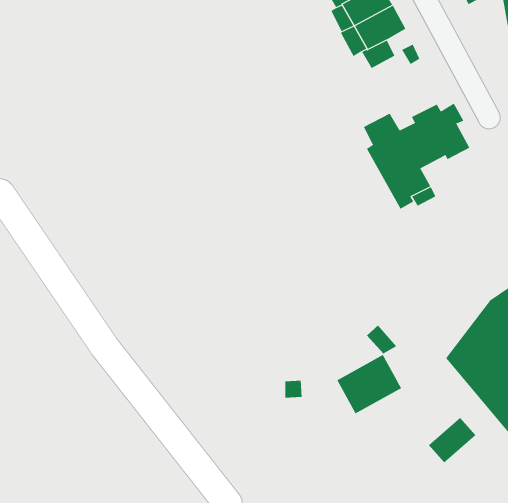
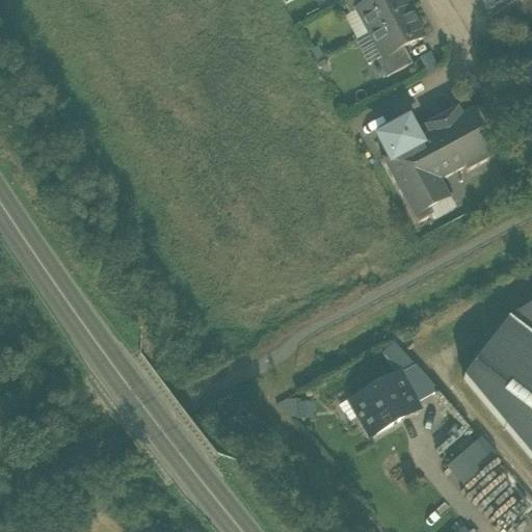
building: none -> [401,361,440,399]

